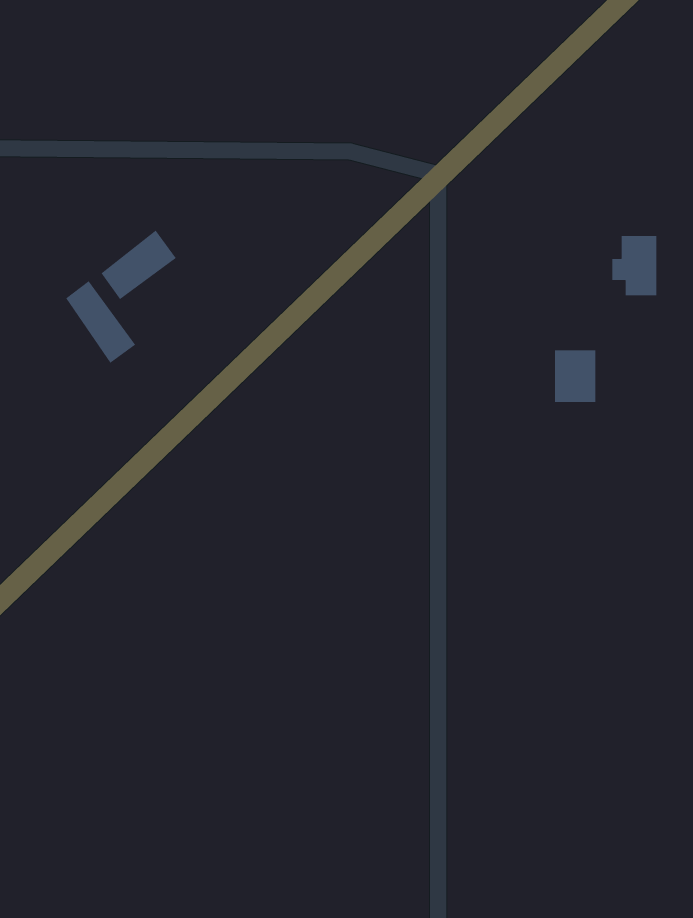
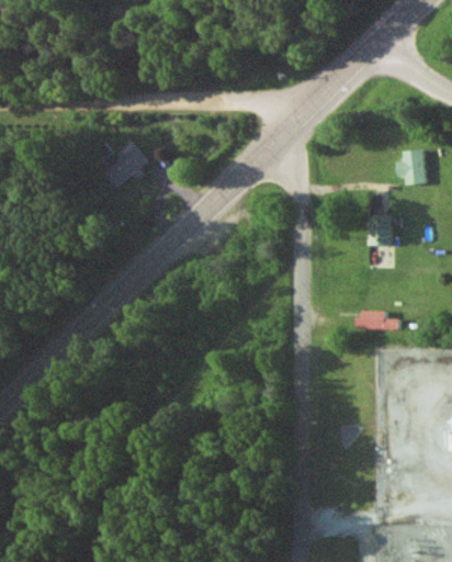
building: [65,280,136,364] -> none
building: none -> [355,310,398,328]

